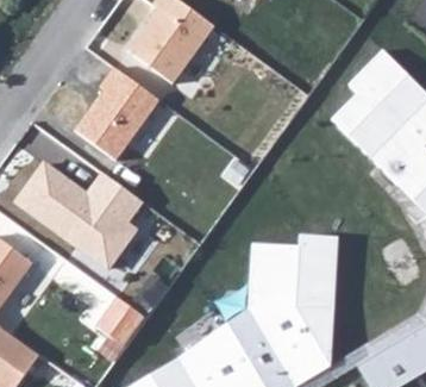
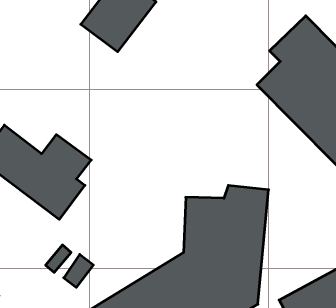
building: [75,69,161,163] -> none

